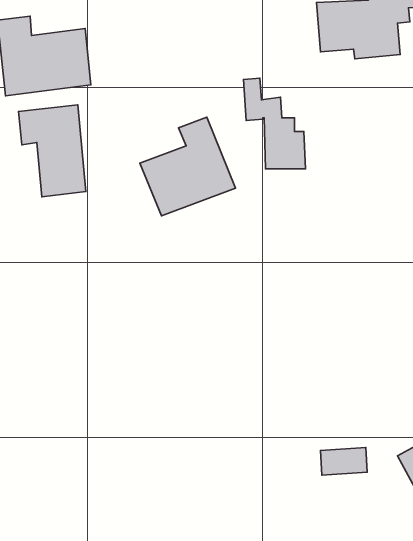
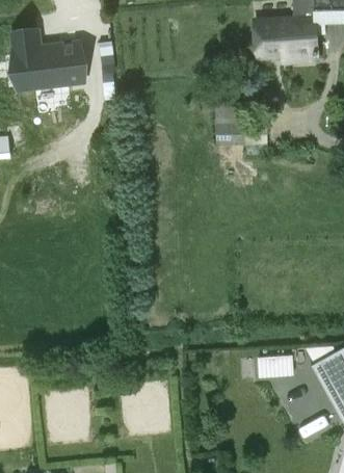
building: [19,105,86,197] -> none
building: [140,117,235,216] -> none

